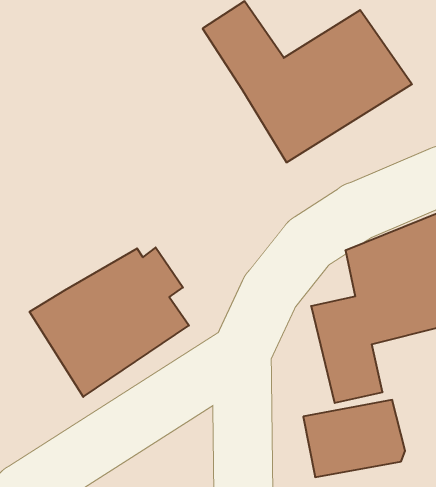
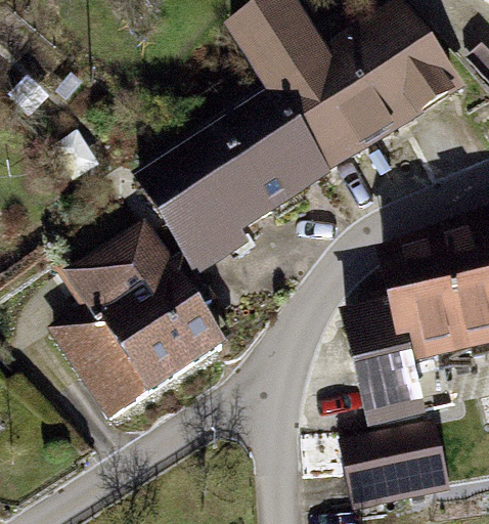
building: none -> [145,98,325,262]
building: none -> [59,211,169,309]

